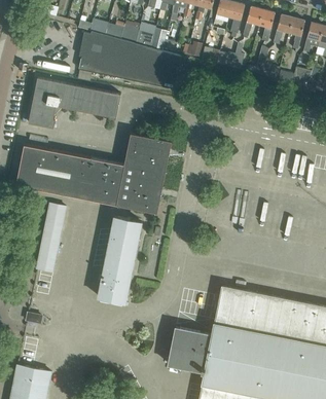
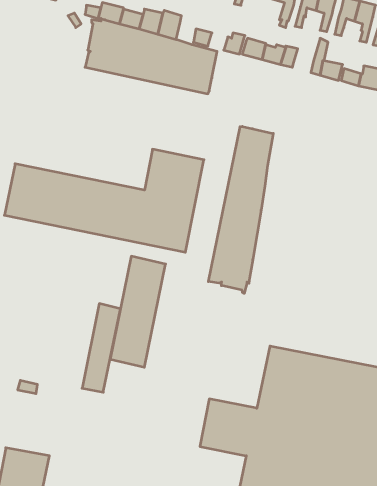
building: [28,77,120,126] -> none
building: none -> [208,126,273,293]
building: [36,203,66,271] -> [82,304,120,392]

